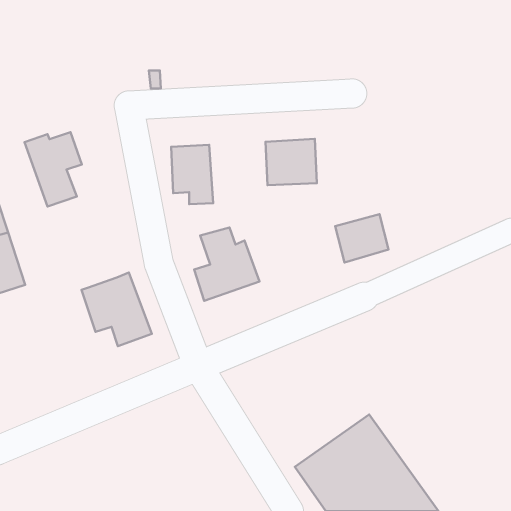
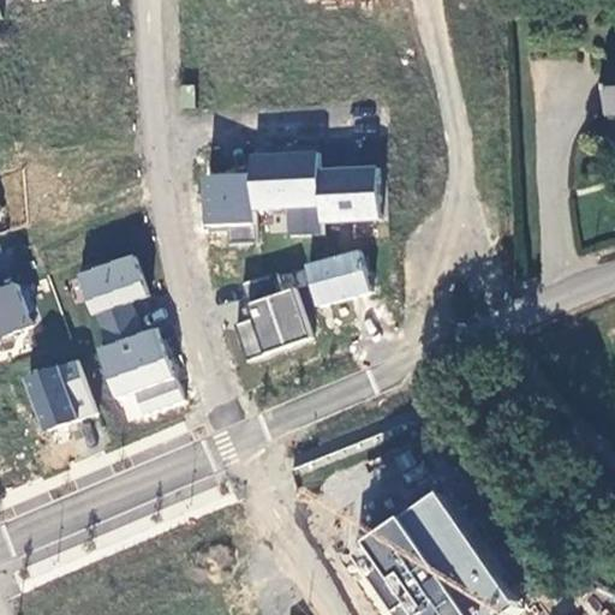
building: none -> [249,151,321,234]
building: [24,132,82,207] -> [77,255,145,344]
building: [335,214,389,262] -> [305,249,369,306]
building: none -> [25,358,95,430]

